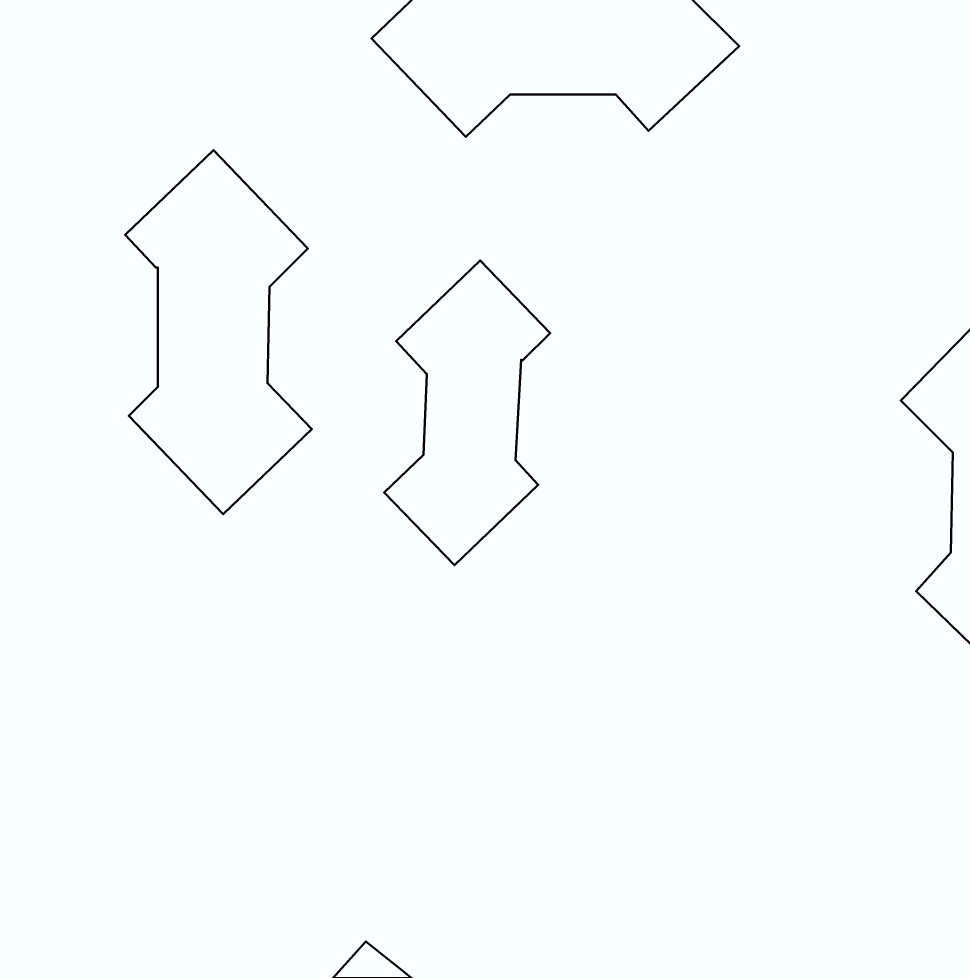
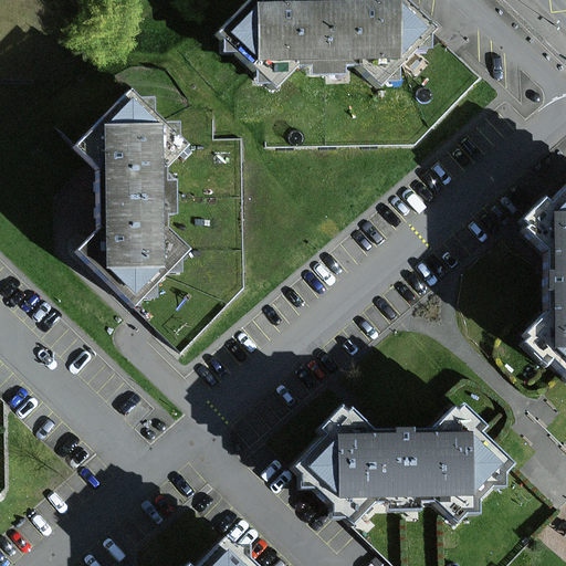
building: [384,260,550,565] -> none
building: none -> [291,406,518,526]

